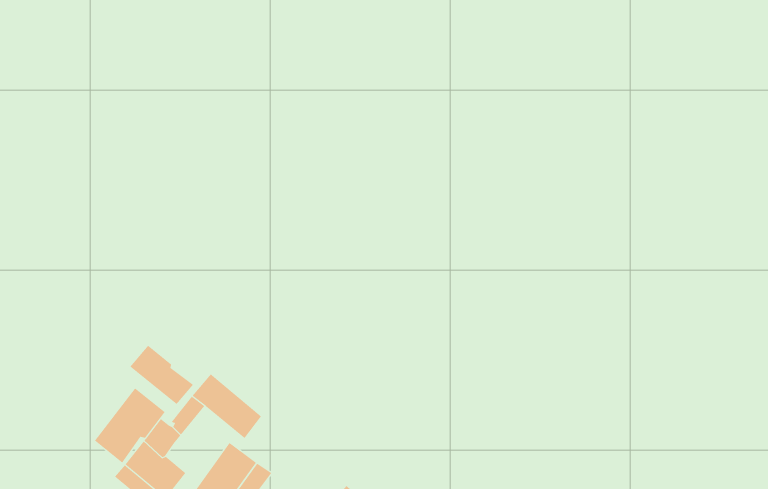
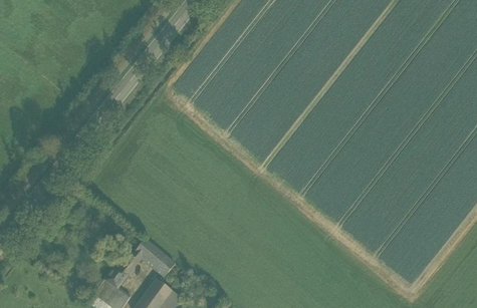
building: [129,345,194,405] -> none
building: [94,387,166,464] -> none

